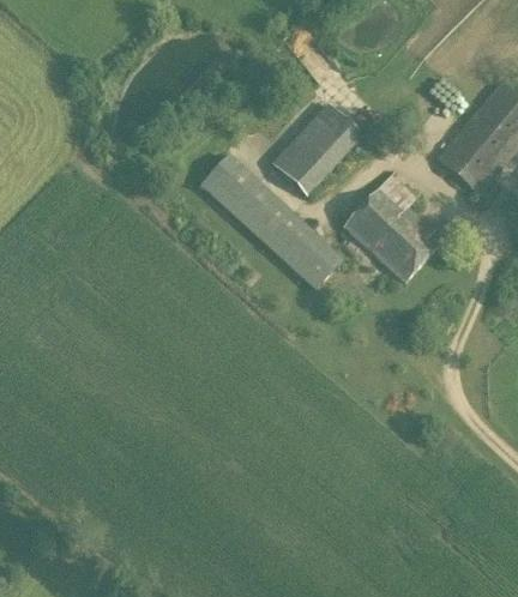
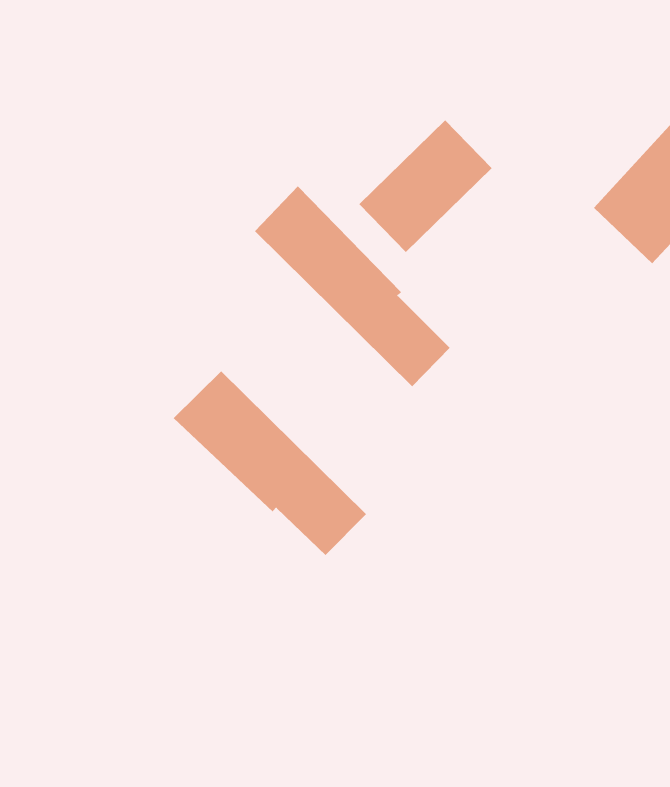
building: [344,174,438,279] -> none
building: none -> [173,371,367,556]

